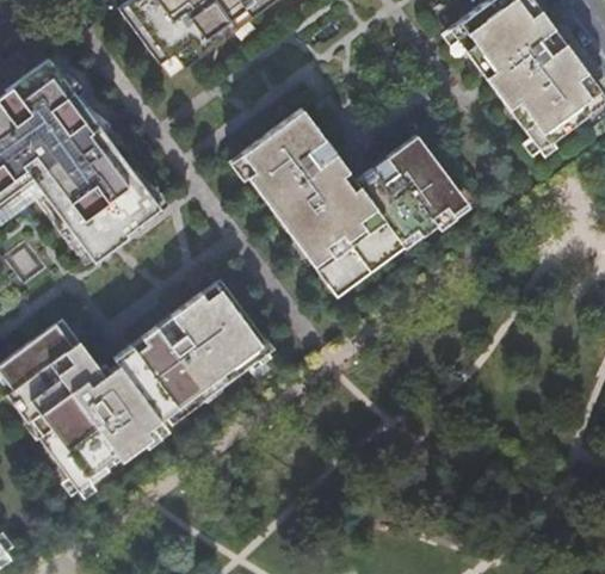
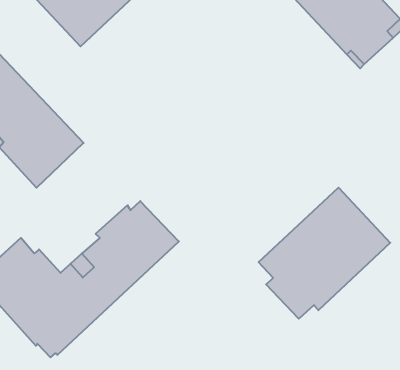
building: [241,107,467,297] -> none
building: none -> [259,188,390,319]

